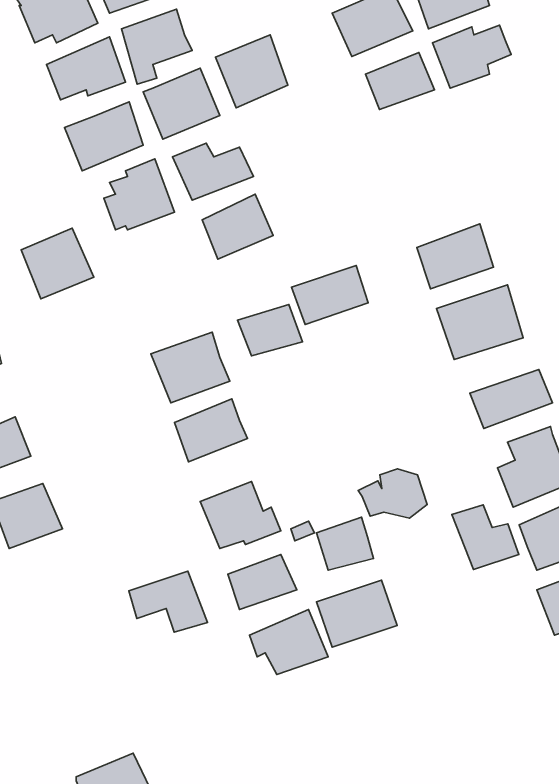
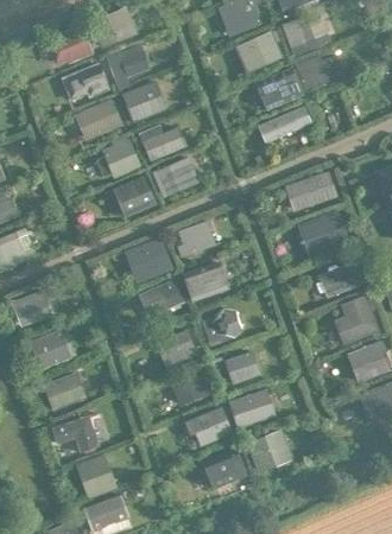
building: [215,35,288,108] -> none
building: none -> [258,106,311,142]
building: [21,228,94,299] -> [113,174,157,217]
building: [291,265,368,325] -> [182,266,228,301]
building: [358,469,427,518] -> [201,309,242,338]
building: [452,505,519,569] -> none
building: none -> [44,371,87,411]
building: [129,571,208,632] -> [52,415,100,452]
building: none -> [247,430,293,472]
building: none -> [201,446,247,489]
building: none -> [80,454,114,496]

